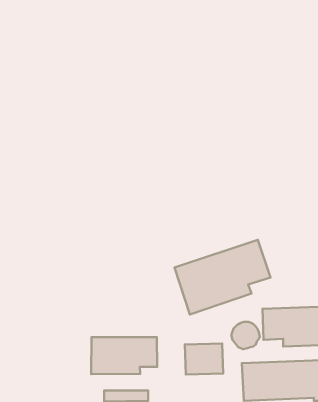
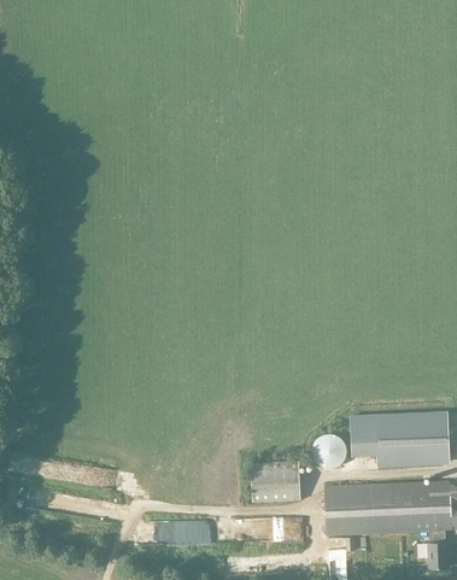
building: [175,240,270,314] -> none
building: [91,337,157,374] -> none

